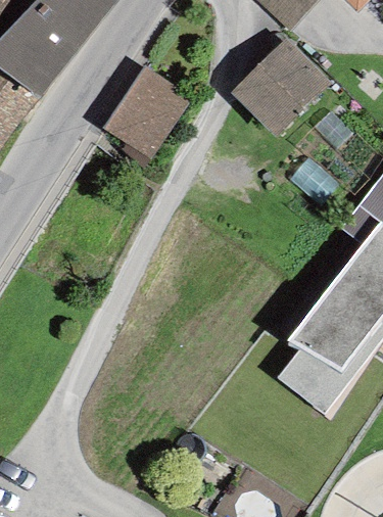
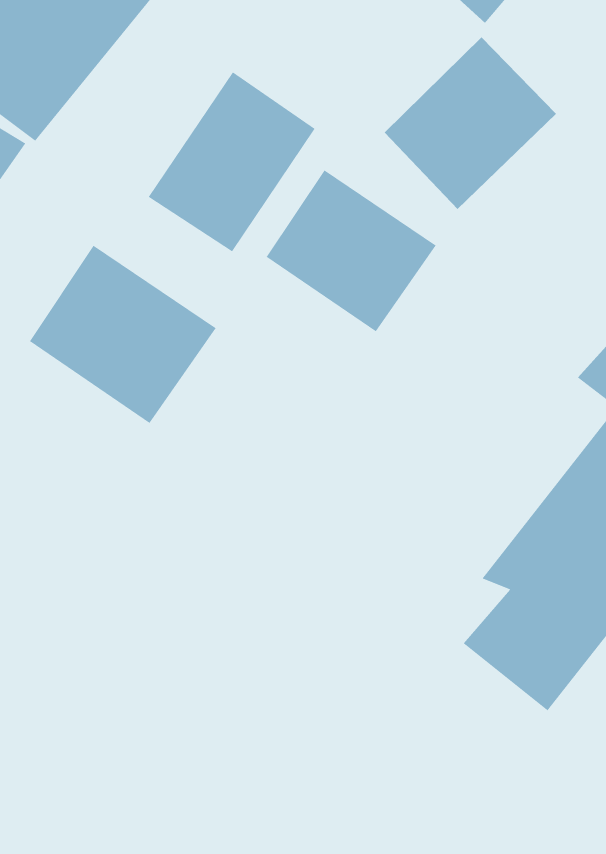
building: none -> [266,169,437,332]
building: none -> [29,245,217,424]

